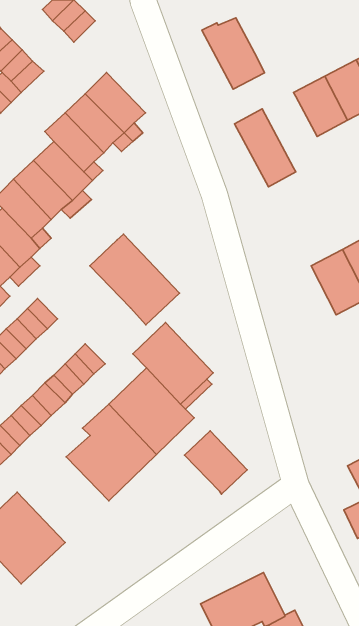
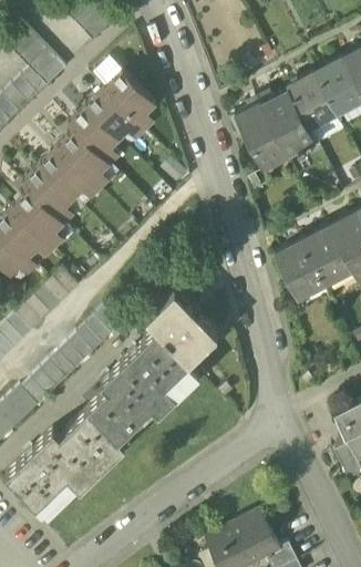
building: [202,18,265,89] -> [258,92,313,155]
building: [90,234,179,325] -> none
building: none -> [274,241,323,299]
building: [184,431,247,494] -> none
building: none -> [42,410,123,485]

